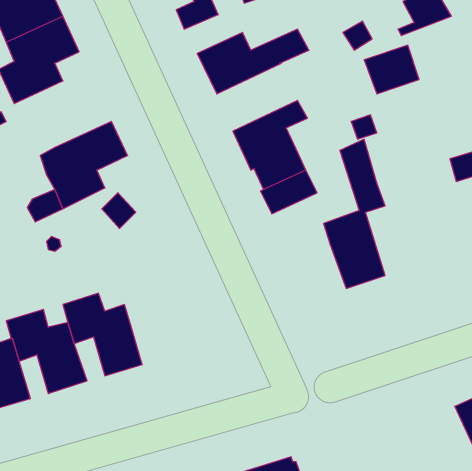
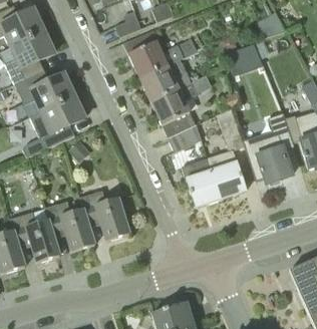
building: none -> [139,58,190,100]
building: none -> [14,69,74,110]
building: none -> [242,111,292,183]
building: none -> [180,157,220,207]
building: none -> [78,190,128,241]

